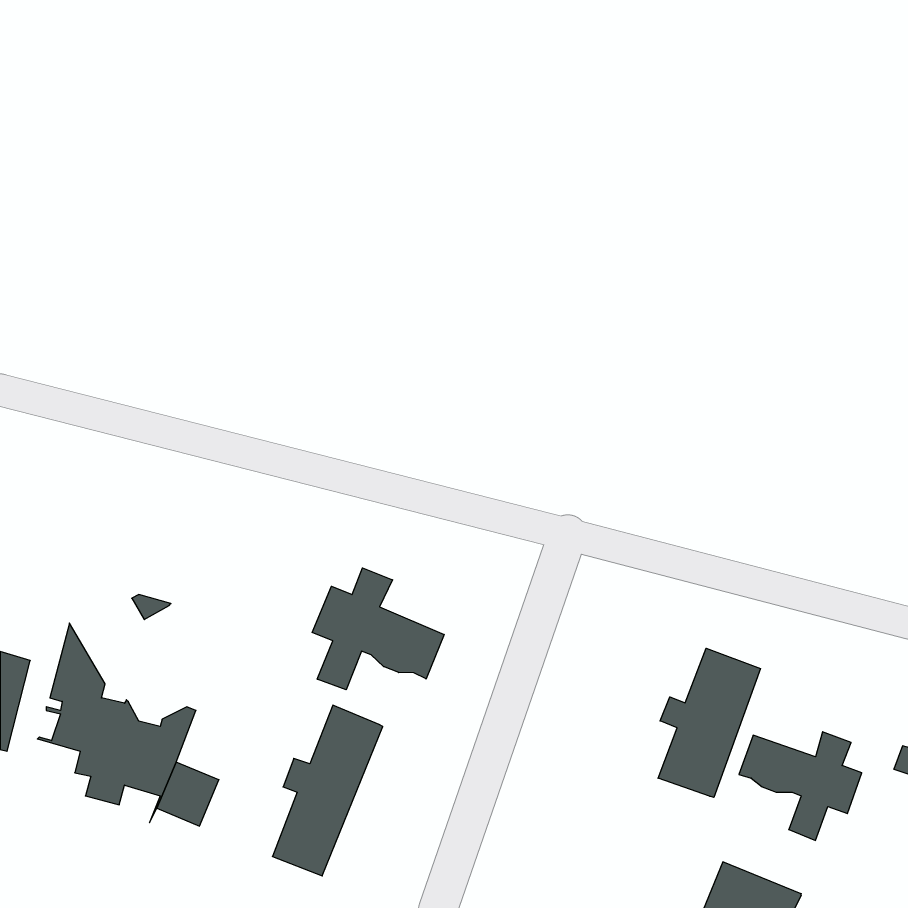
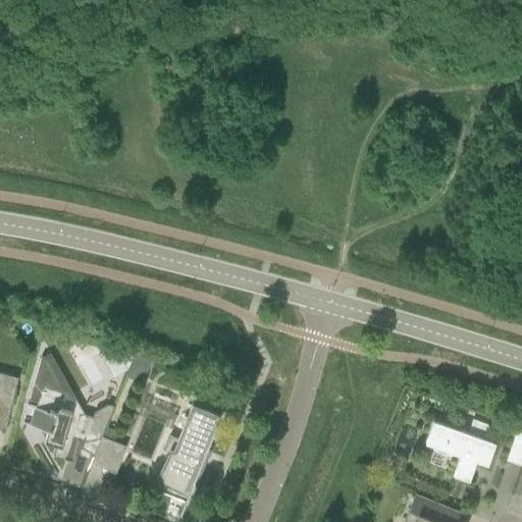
building: [312,568,444,690] -> none
building: [658,648,761,797] -> none

